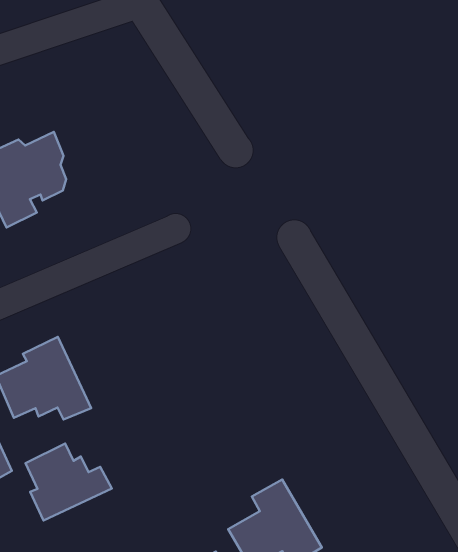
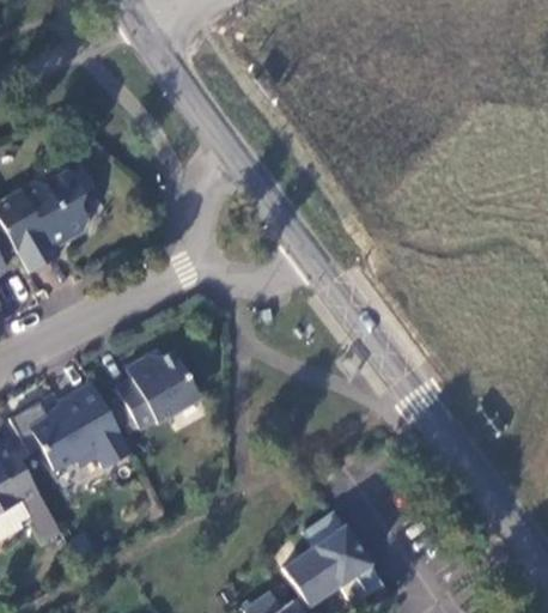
building: none -> [116,350,199,430]
building: [25,444,112,521] -> none

